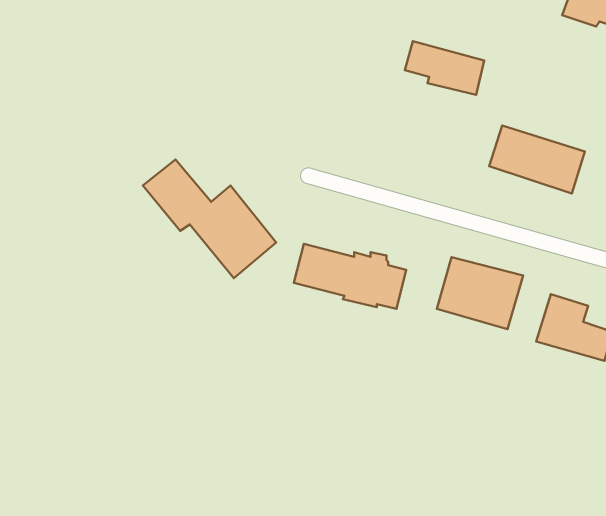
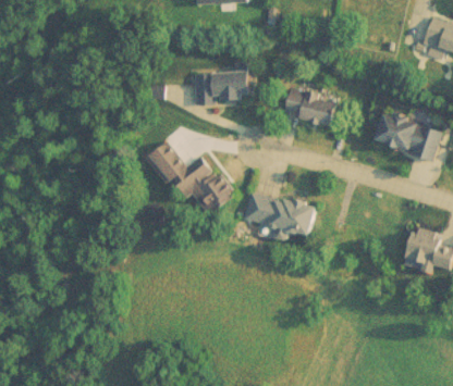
building: [405,41,484,95] -> [284,91,338,127]
building: none -> [195,62,249,107]
building: [437,257,523,329] -> none

